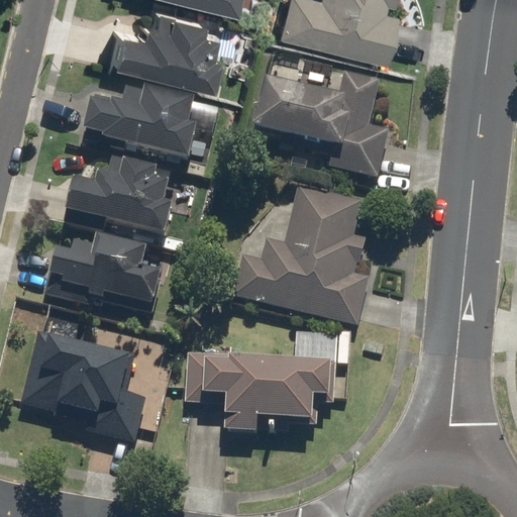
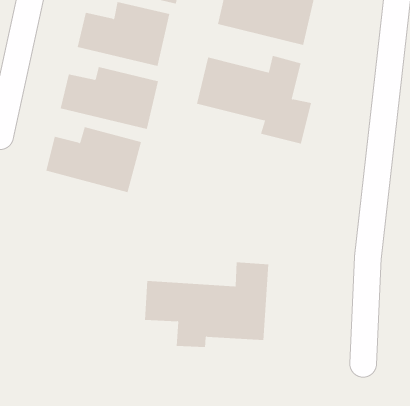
building: [234,183,374,325] -> none
building: [44,235,163,312] -> none
building: [21,329,149,442] -> none

